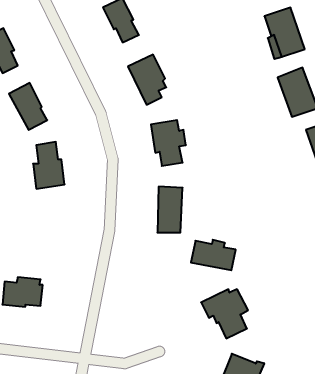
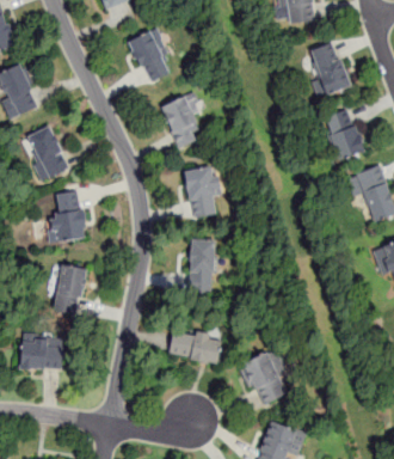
building: none -> [51,264,86,314]
building: [191,240,236,270] -> [172,330,221,363]

